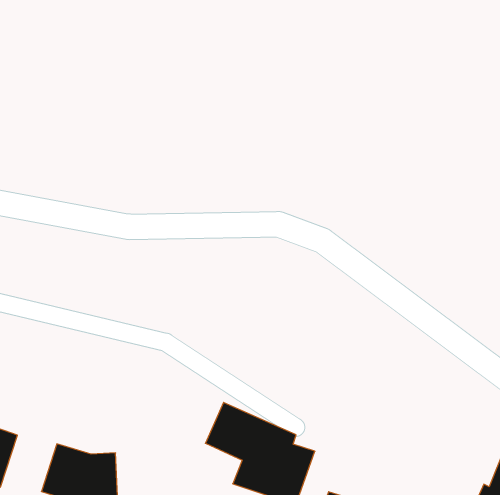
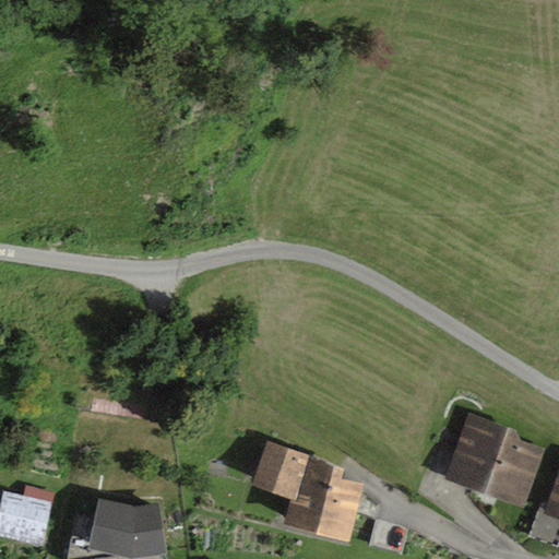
building: none -> [445,414,546,508]

